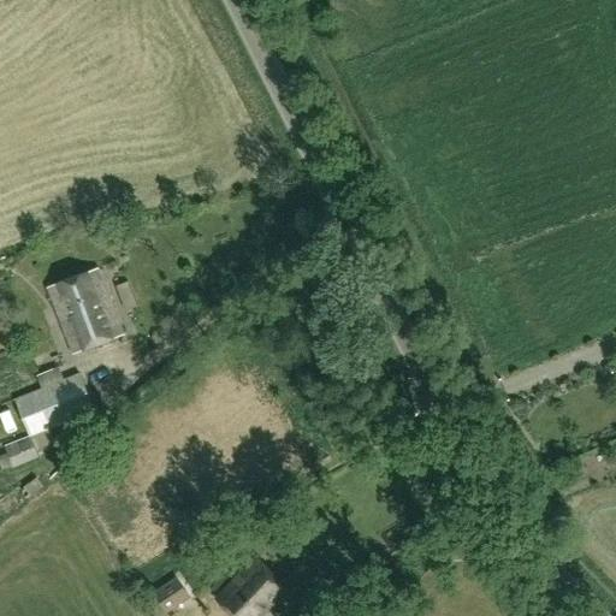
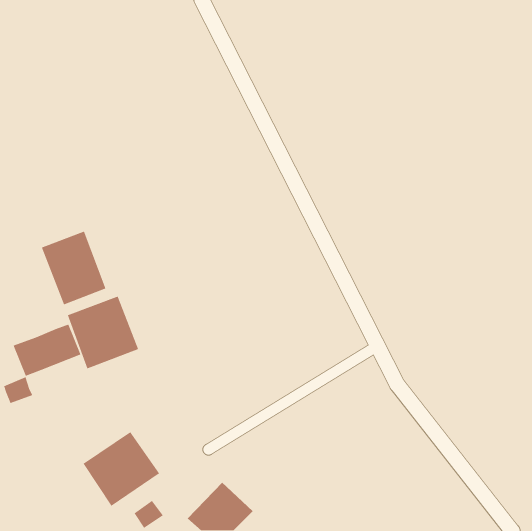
building: none -> [67,296,139,370]
building: none -> [83,431,160,507]

